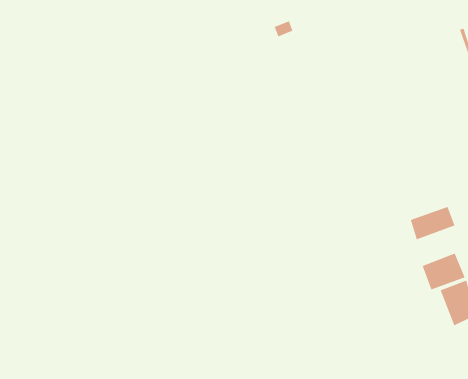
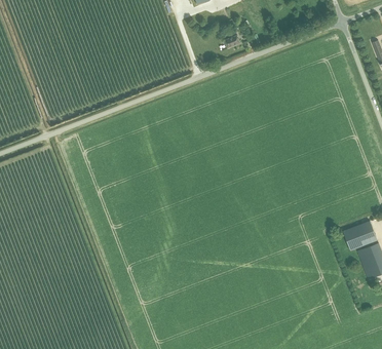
building: [410,206,455,240] -> none

